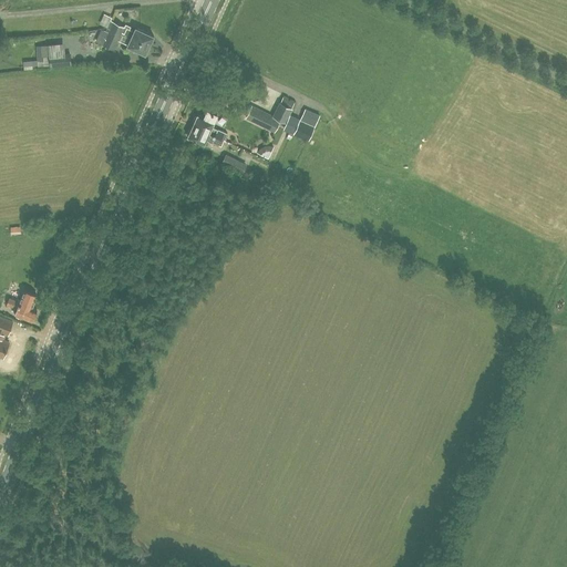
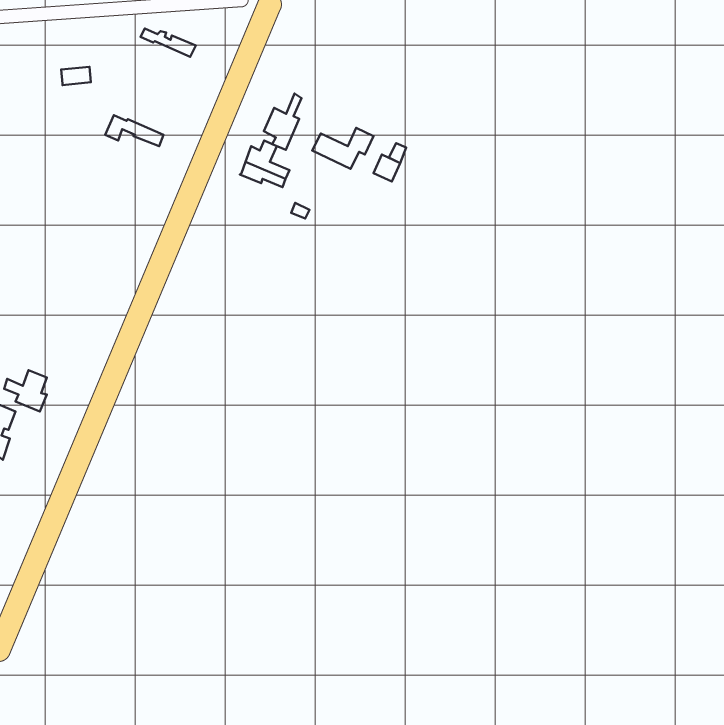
building: [103,29,148,53] -> [105,115,163,146]
building: none -> [264,93,302,150]

